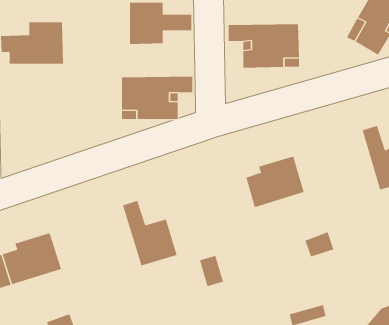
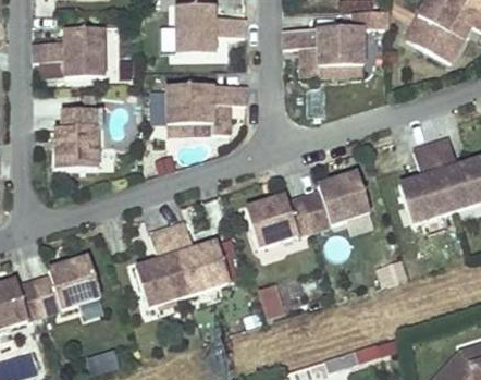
building: none -> [55,110,98,168]
building: none -> [400,145,453,224]
building: none -> [247,196,314,248]
building: none -> [137,228,189,307]

